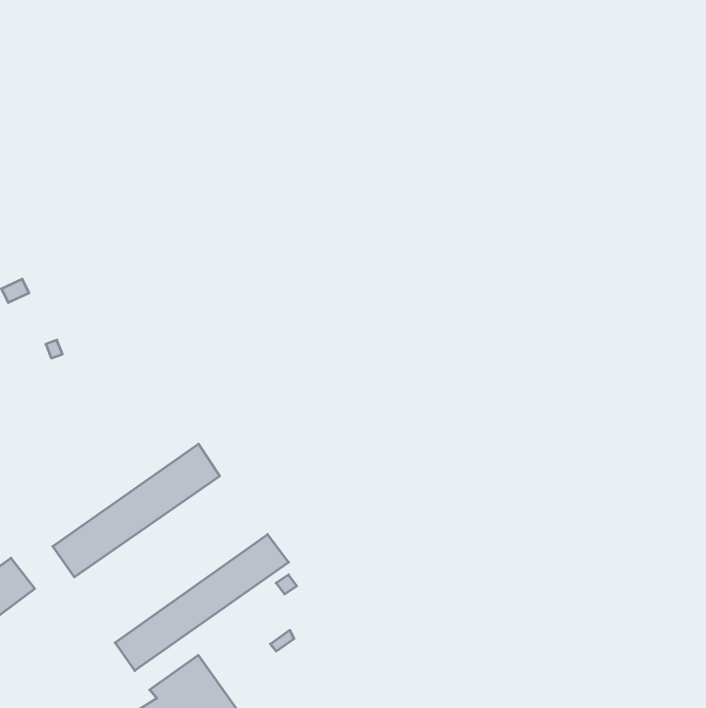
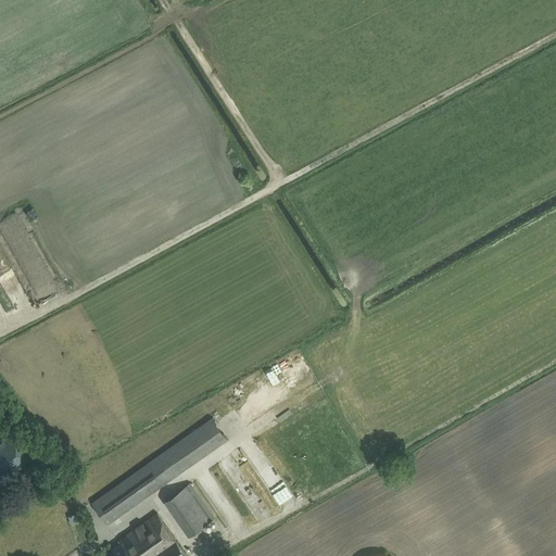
building: [53,444,220,577] -> none
building: none -> [163,486,208,536]

